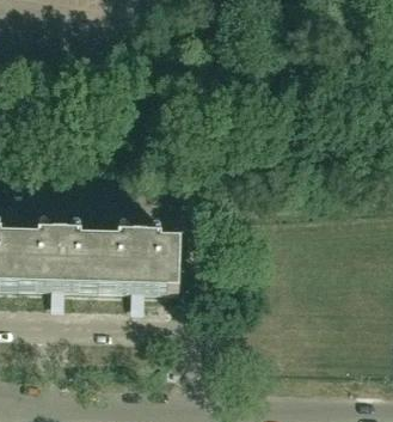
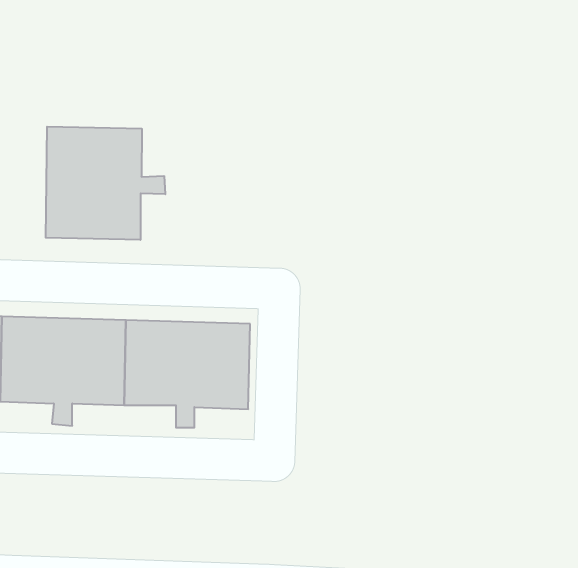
building: none -> [46,127,165,240]

